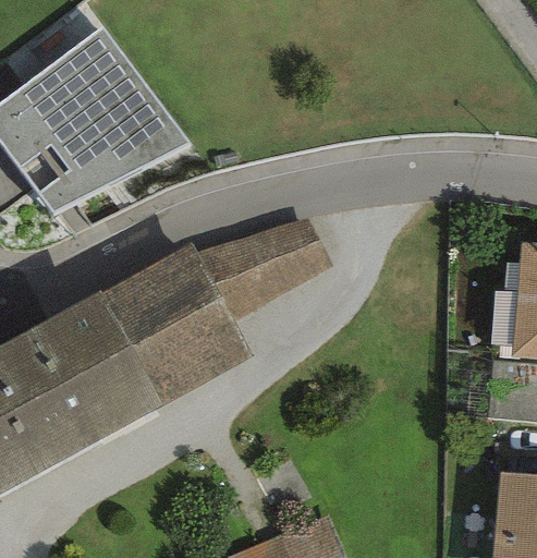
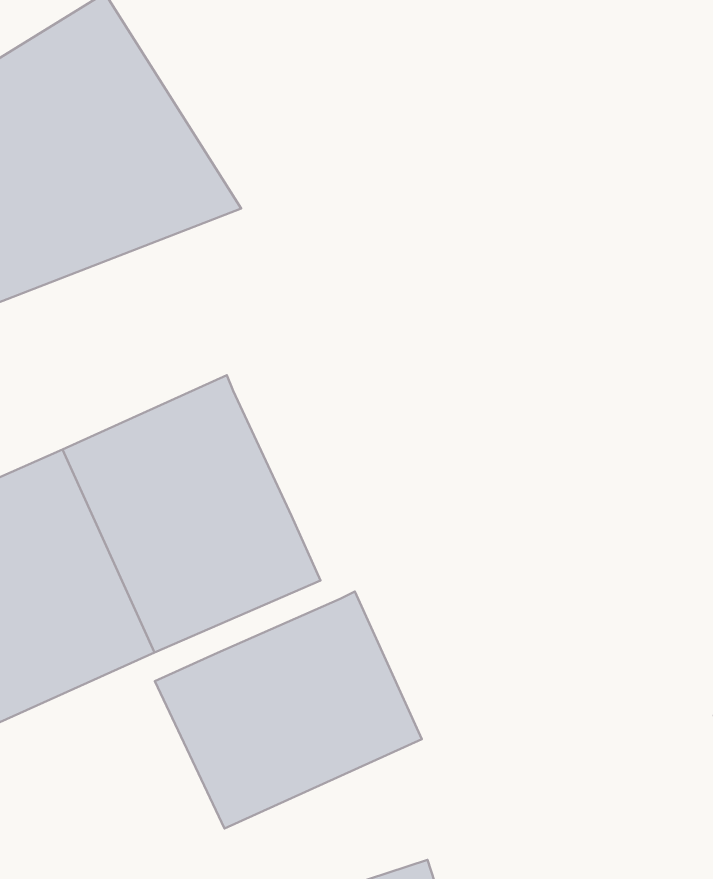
building: [192,218,330,323] -> none
building: none -> [155,591,422,829]

